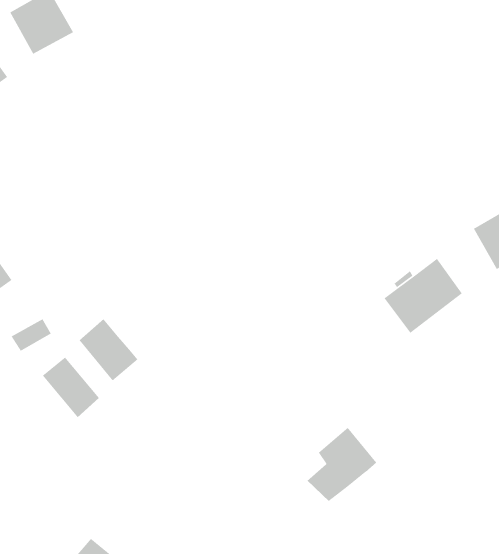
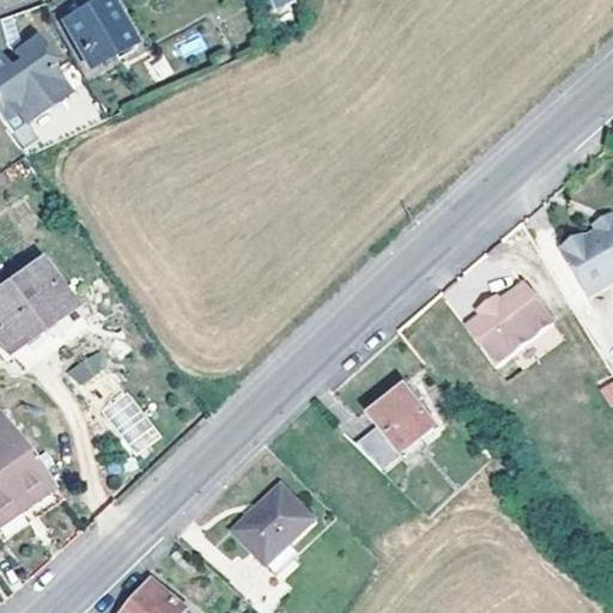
building: [79,318,138,381] -> none
building: [307,427,377,502] -> [359,388,435,468]
building: none -> [235,488,311,565]

